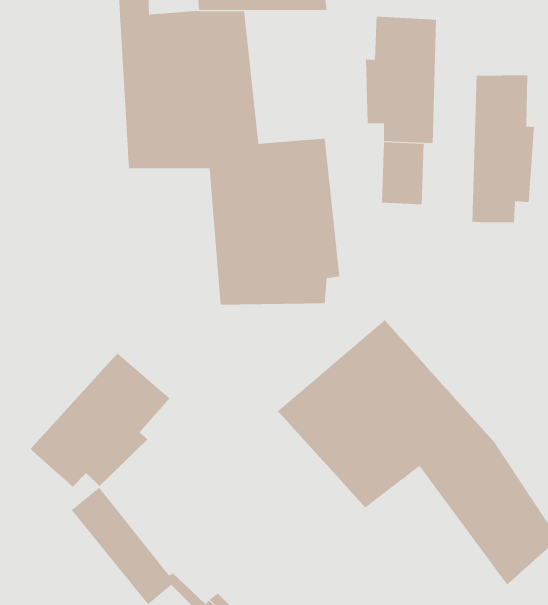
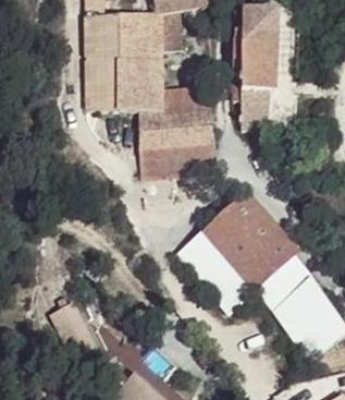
building: [472,75,534,223] -> none
building: [30,353,171,487] -> none

